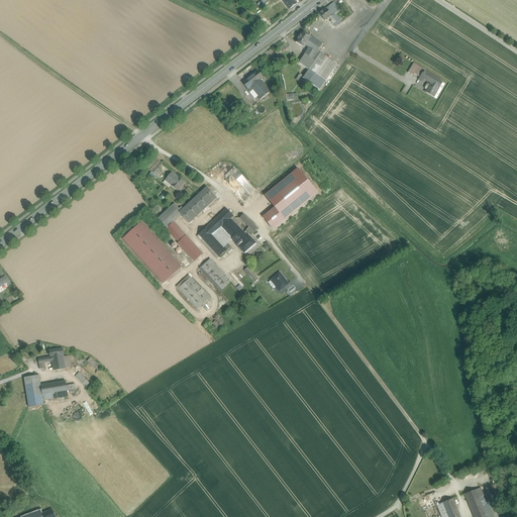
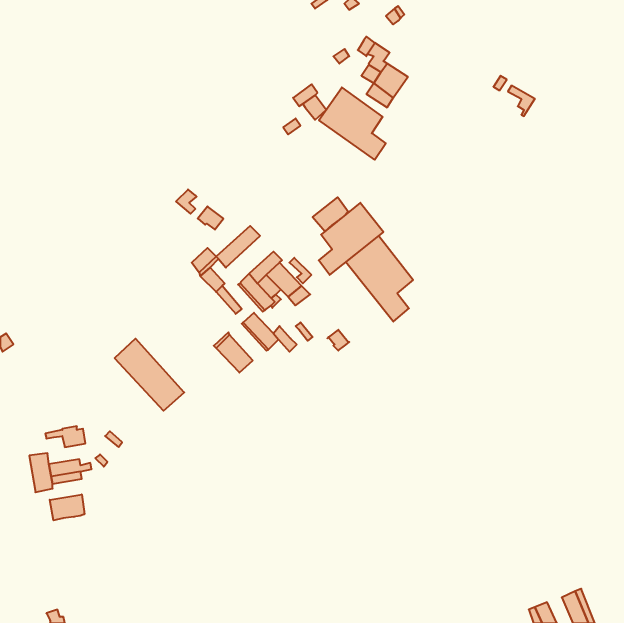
building: none -> [319,87,386,160]
building: none -> [313,197,348,232]
building: none -> [346,236,413,322]
building: [123,222,181,282] -> [115,339,184,411]
building: none -> [50,494,84,520]

